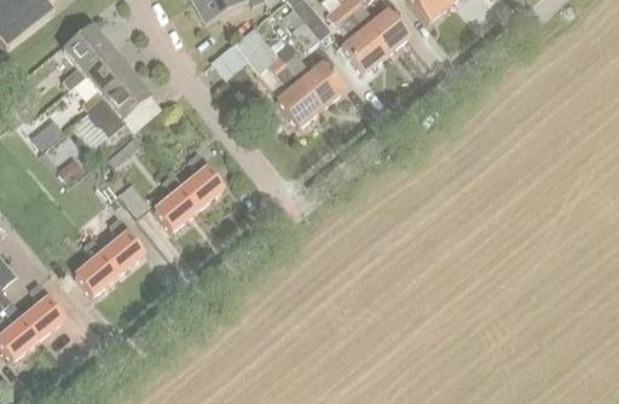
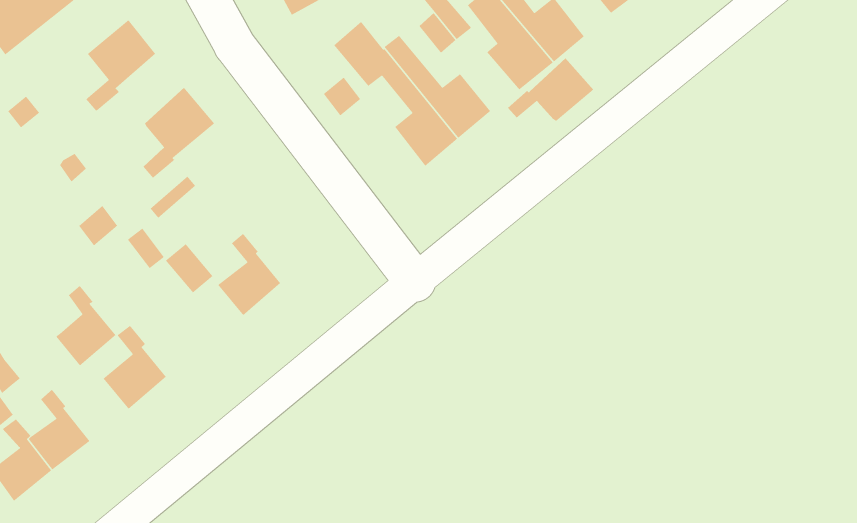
building: [81,48,129,112] -> none
building: none -> [507,58,594,122]
building: [180,152,222,208] -> none
building: [100,217,143,273] -> [56,285,116,366]

